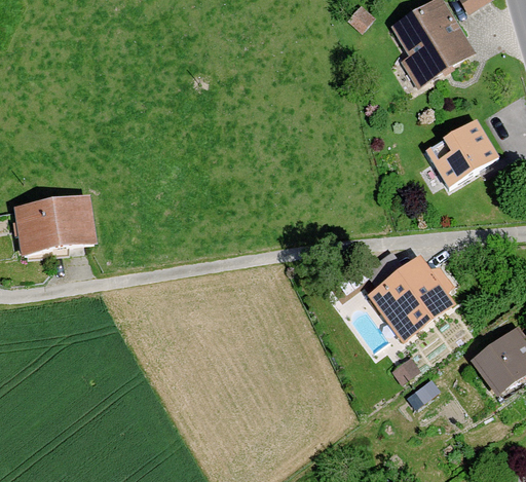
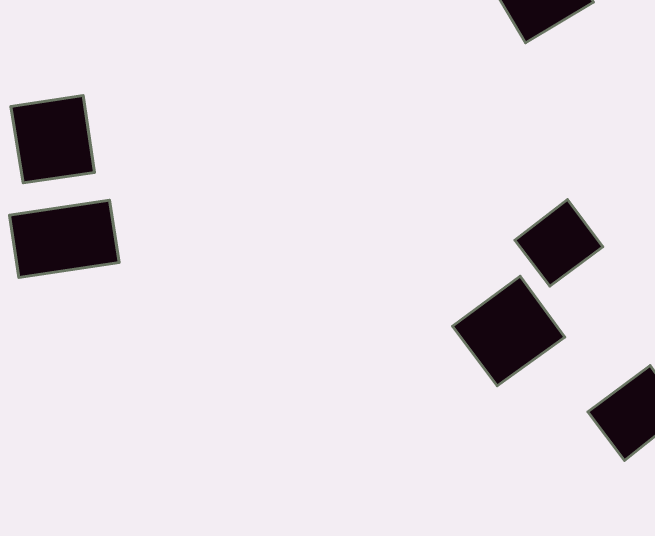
building: none -> [11,95,95,183]
building: [428,119,495,185] -> [515,199,603,286]

